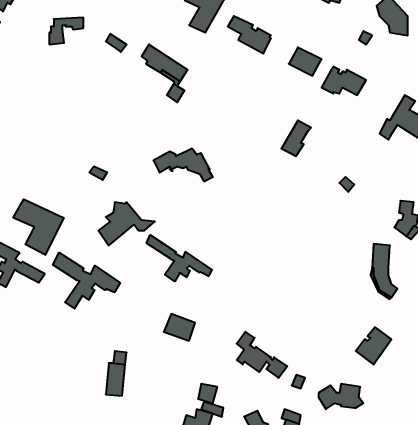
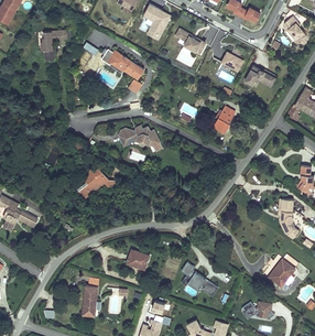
building: [13,199,64,255] -> none
building: [147,235,212,281] -> none
building: [53,253,120,309] -> none

